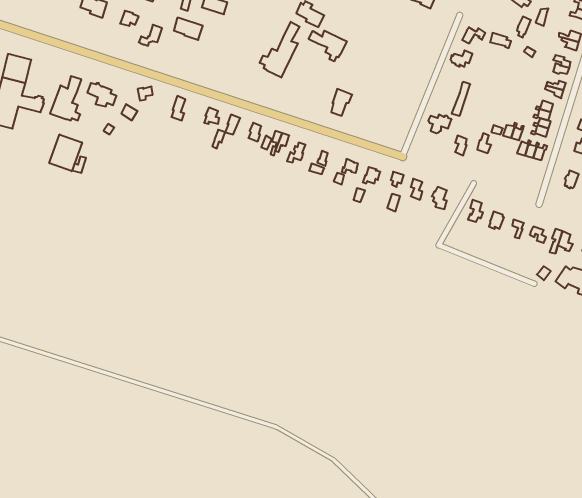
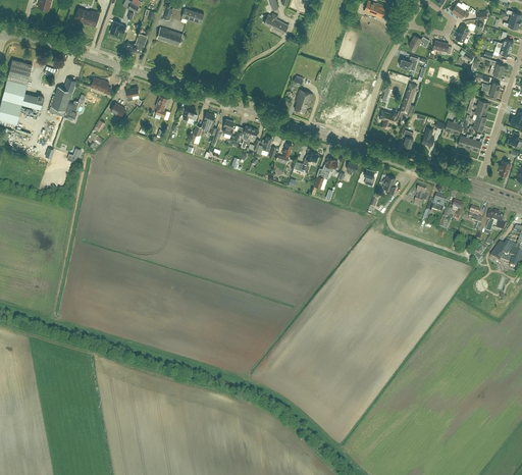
building: [260,22,300,78] -> none
building: [309,31,347,61] -> none
building: [49,134,82,171] -> none

